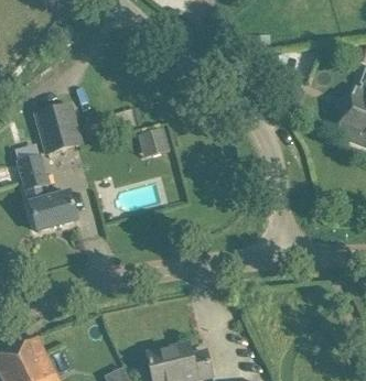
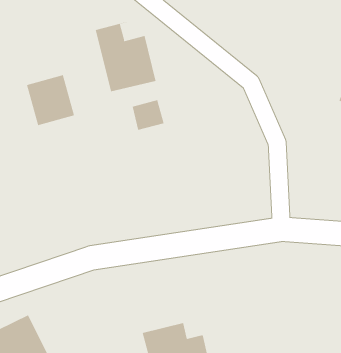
building: none -> [95,21,156,92]
building: [18,153,78,230] -> none

